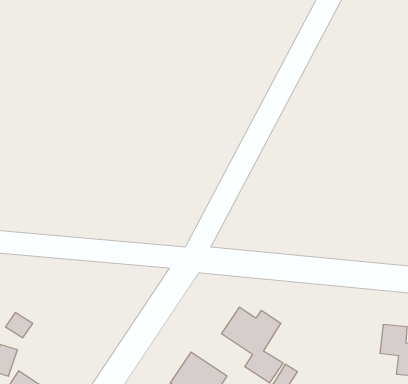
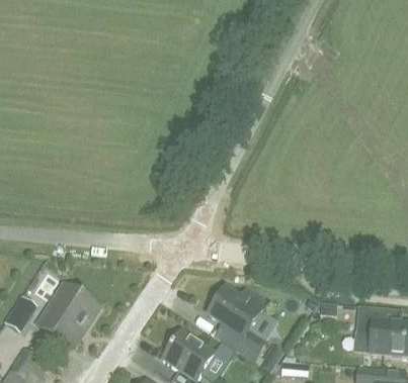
building: none -> [36,281,99,346]

